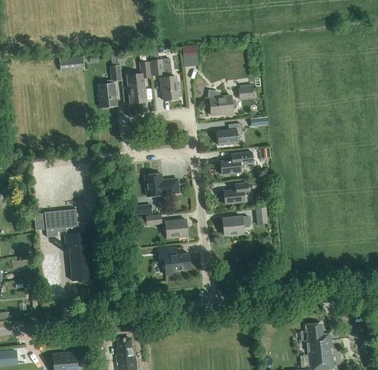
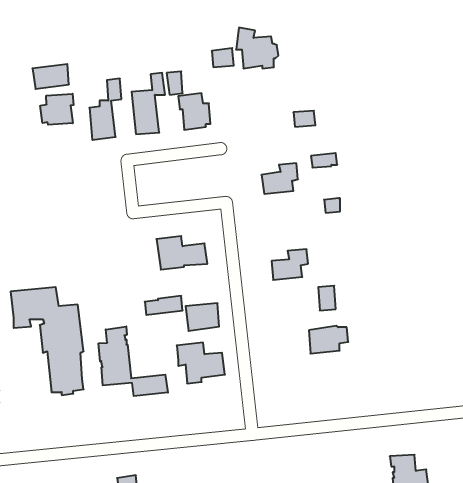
building: none -> [40,94,74,125]
building: [206,89,235,117] -> [236,28,278,68]
building: [220,151,253,174] -> none
building: [222,215,249,234] -> [309,326,348,354]
building: none -> [99,326,168,396]

